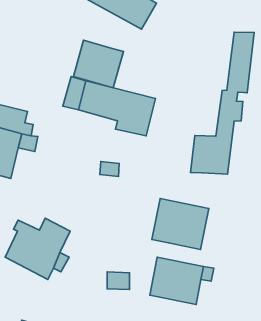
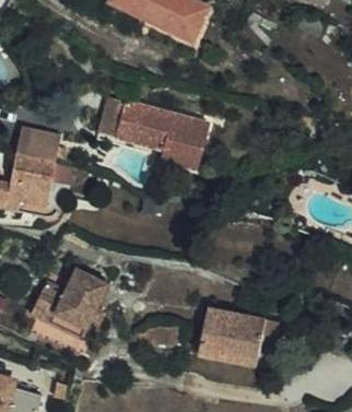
building: [191,32,254,174] -> none
building: [73,40,123,88] -> none
building: [152,199,209,249] -> none

